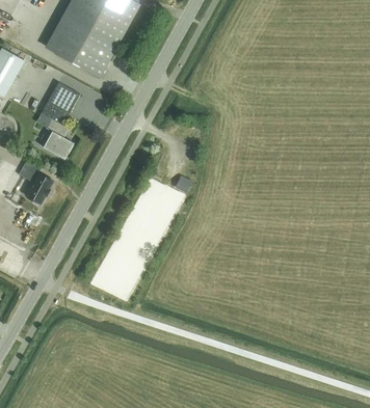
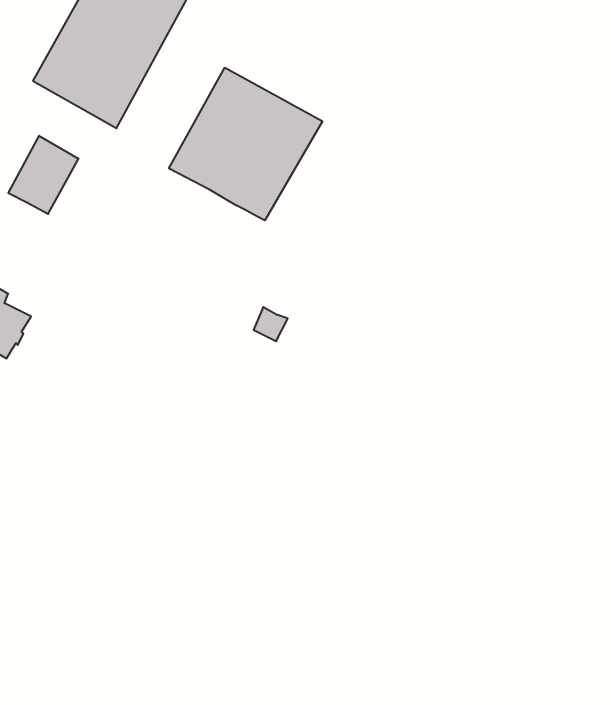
building: none -> [169,68,322,220]
building: [41,117,72,159] -> none

